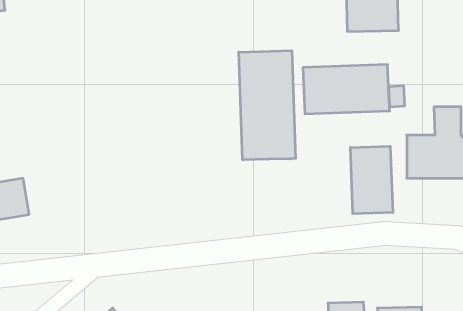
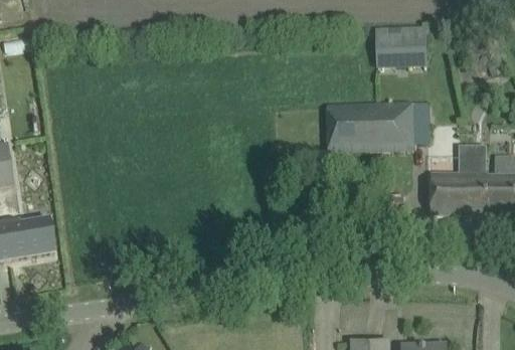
building: [239,51,296,160] -> none
building: [350,146,393,214] -> none

